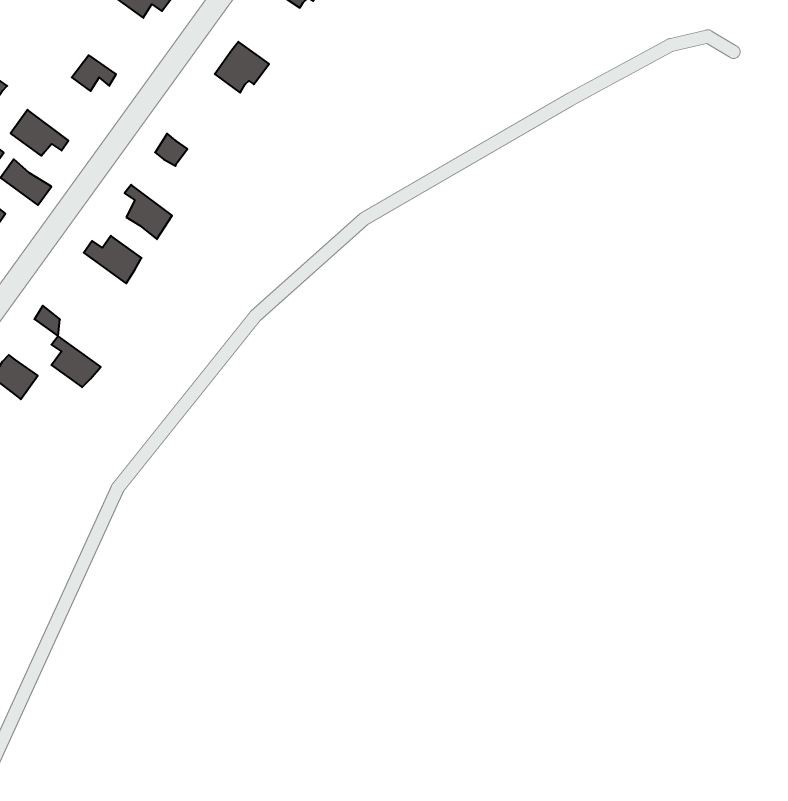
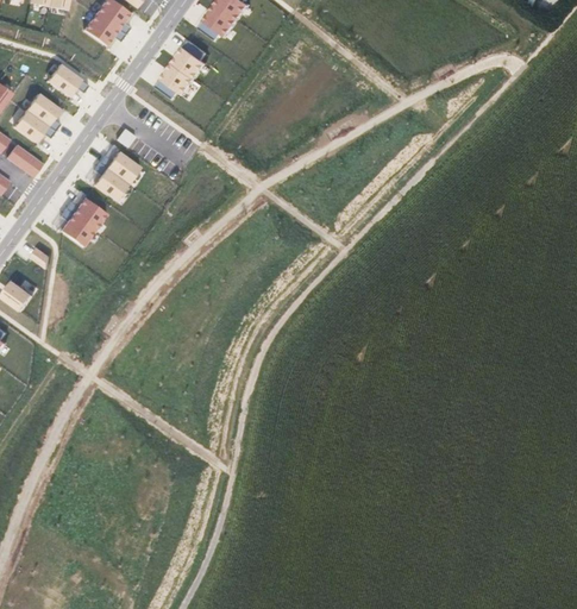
building: none -> [174,38,208,76]
building: none -> [26,92,59,130]
building: none -> [99,149,140,182]
building: [51,336,101,387] -> [61,208,95,244]

